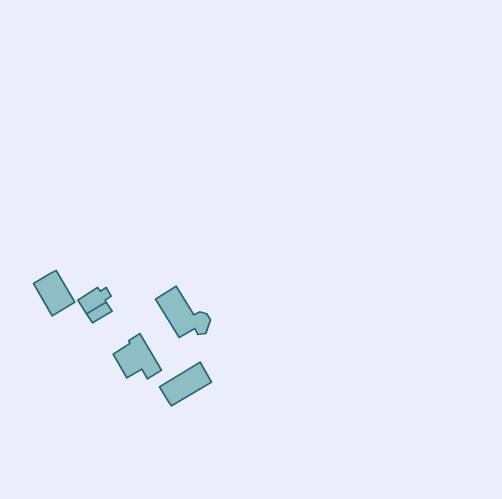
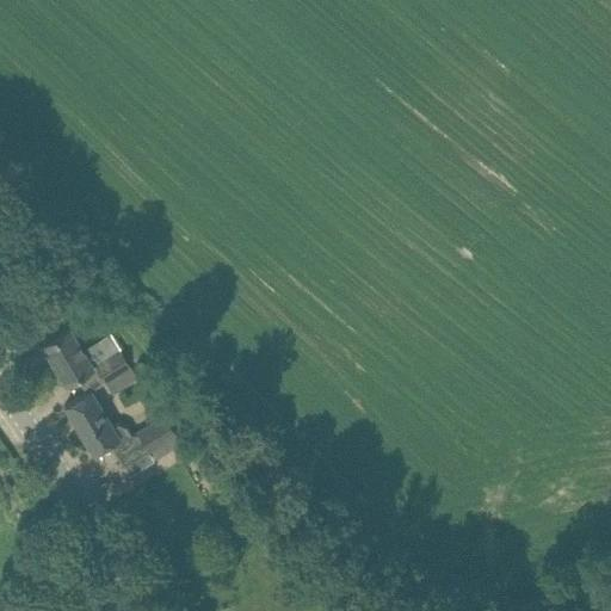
building: [156,286,211,337] -> [63,395,130,457]
building: [159,362,212,406] -> none

